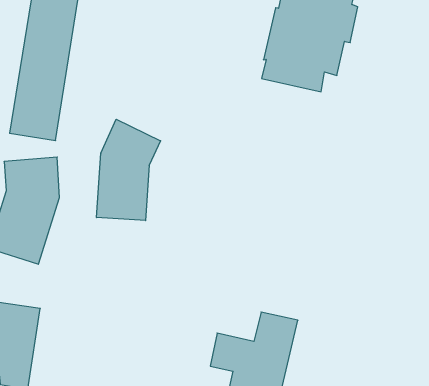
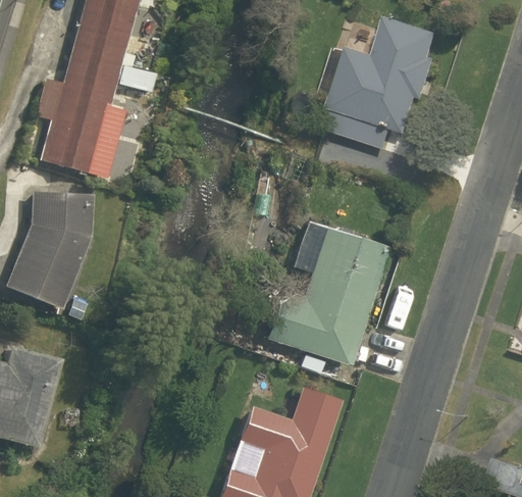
building: [97,119,161,221] -> none
building: none -> [265,219,387,366]

